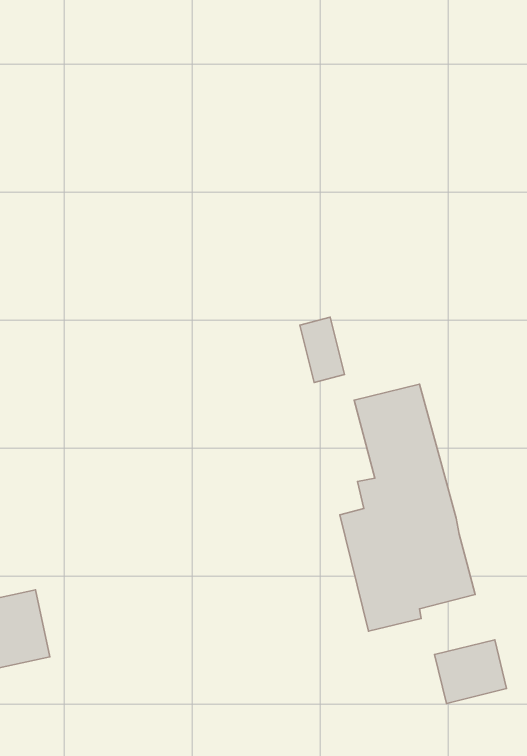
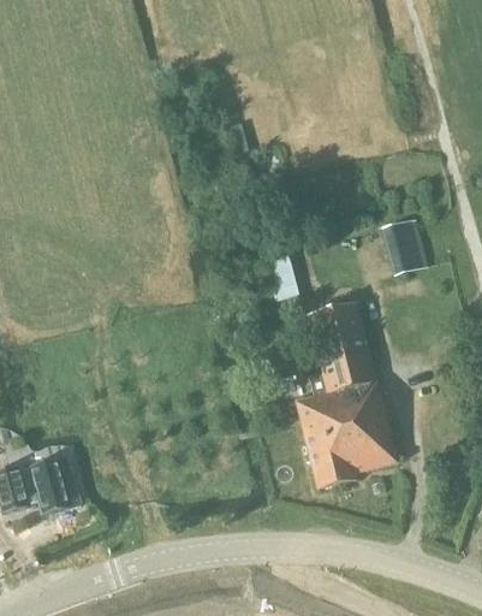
building: none -> [381,219,428,276]
building: [435,640,507,703] -> none

